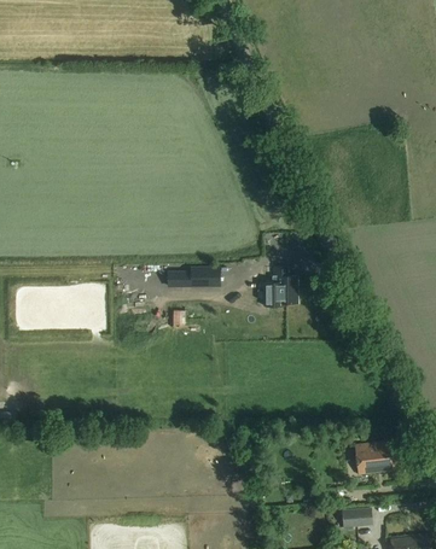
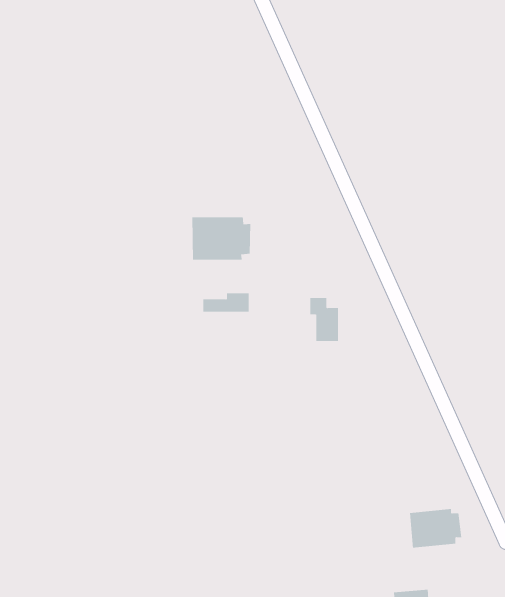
building: none -> [192,216,251,261]

